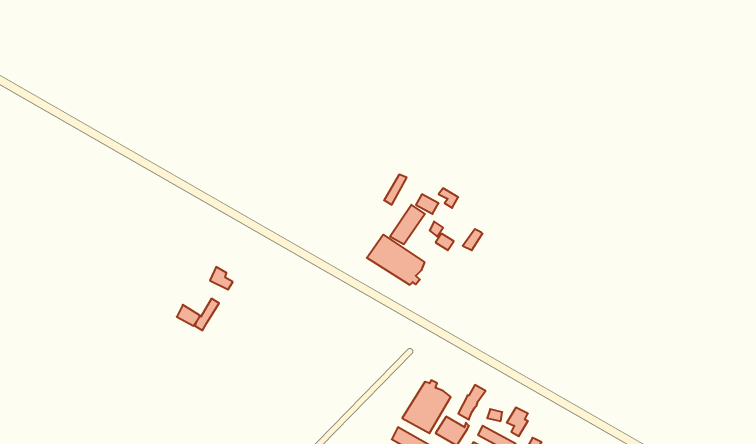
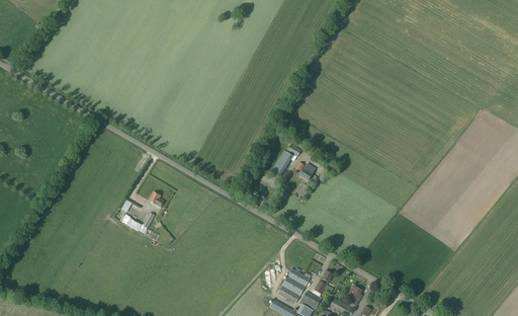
building: [367,235,424,285] -> none

